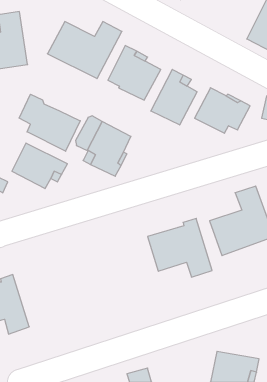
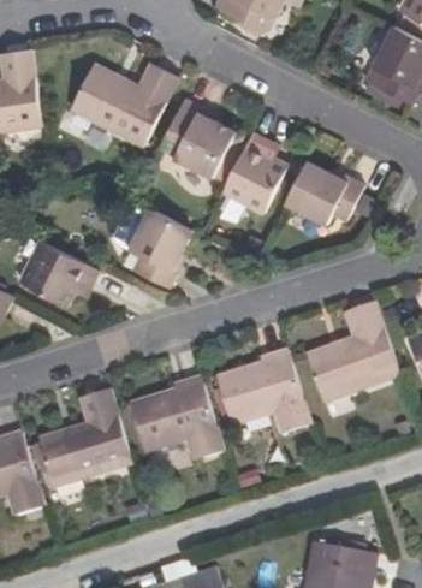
building: [19,94,80,151] -> none
building: none -> [129,375,222,461]
building: none -> [38,388,131,488]

